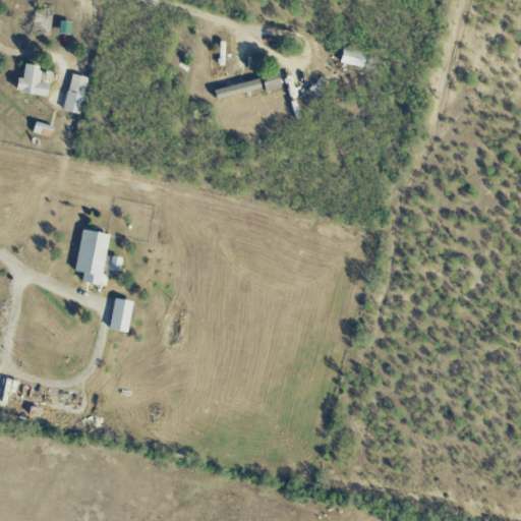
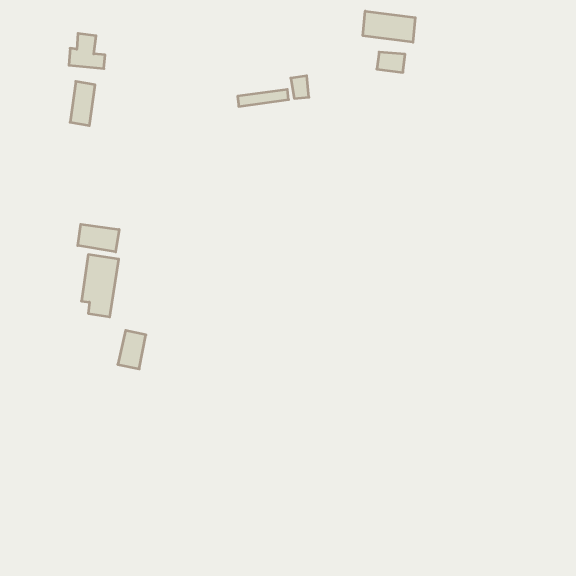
building: none -> [363,11,415,42]
building: [16,63,49,95] -> [69,33,105,69]
building: none -> [78,224,119,252]

